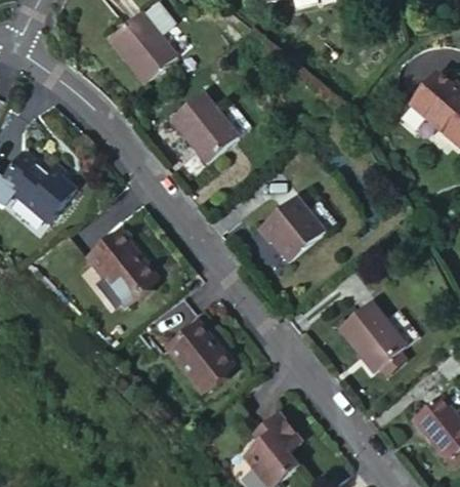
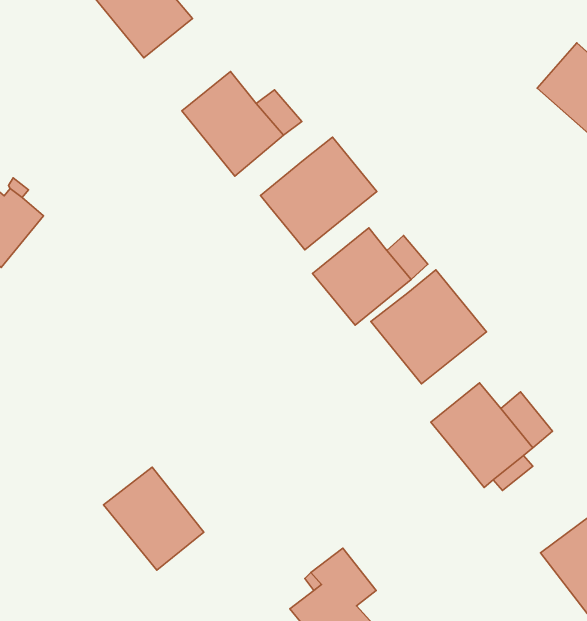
building: none -> [260,137,377,250]
building: none -> [371,270,486,384]
building: [87,231,158,305] -> none
building: [166,322,234,392] -> [104,467,204,570]

